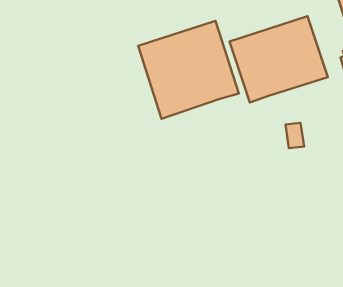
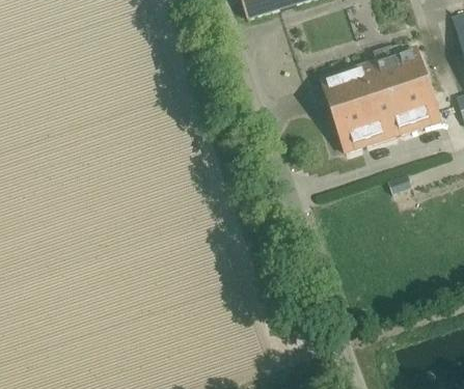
building: [138,21,239,119] -> none

